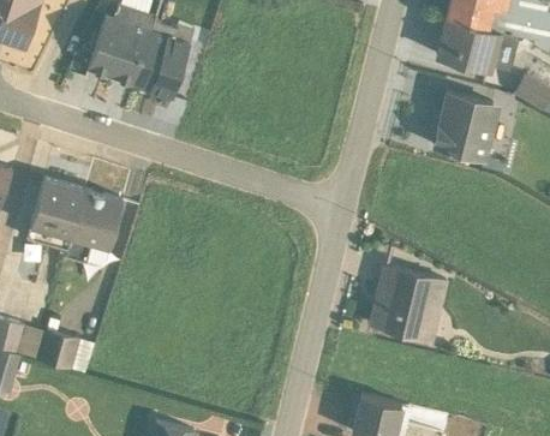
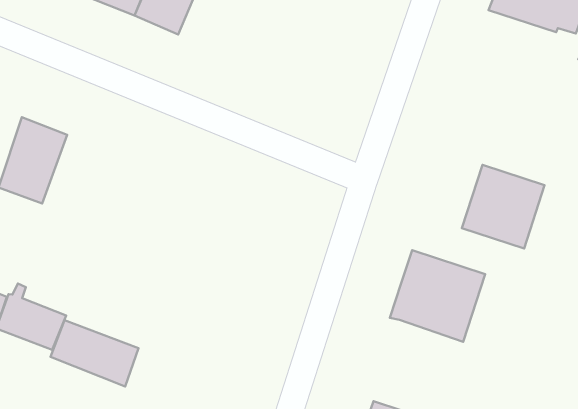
building: [432,91,500,160] -> [462,165,544,249]
building: [65,190,121,268] -> none
building: none -> [51,320,139,386]

